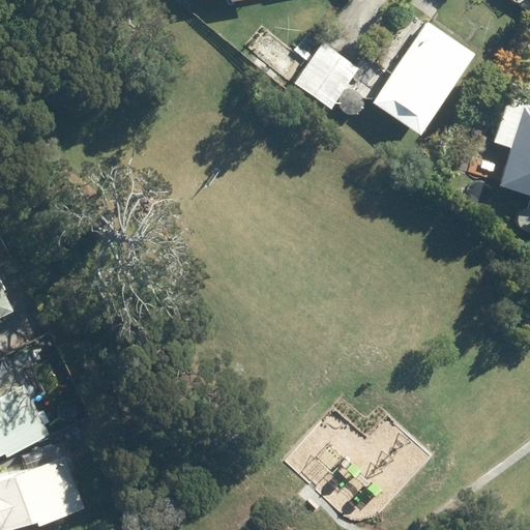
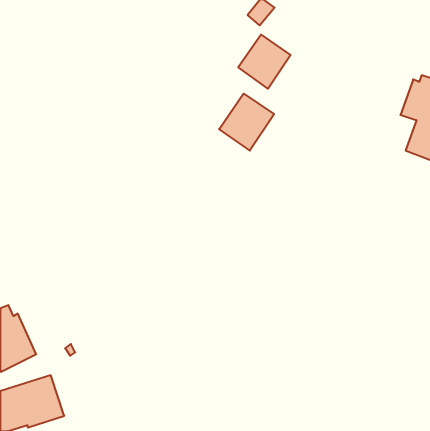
building: [372,21,474,135] -> none
building: none -> [219,94,274,151]

